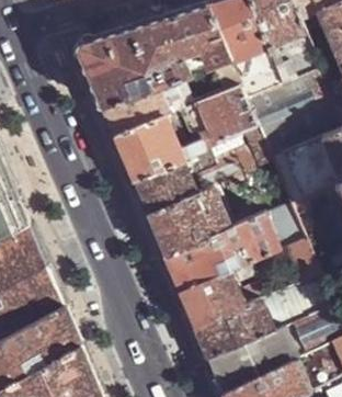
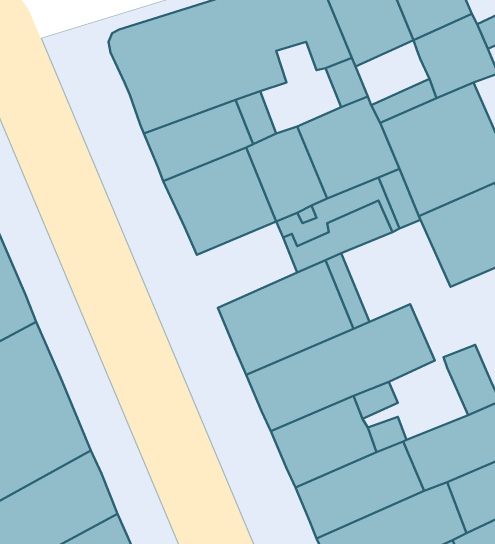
building: [132,161,194,215] -> none
building: [264,202,305,248] -> none

